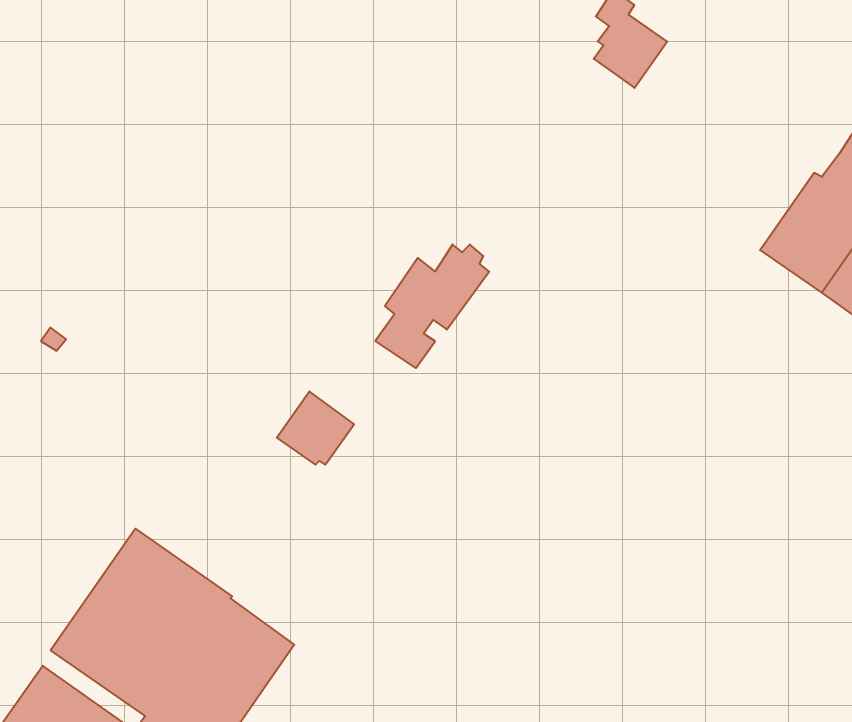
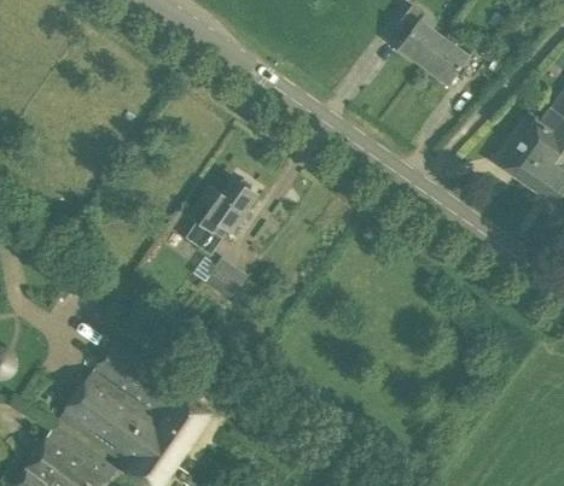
building: none -> [423,35,484,82]
building: [375,244,489,368] -> [184,175,255,252]

